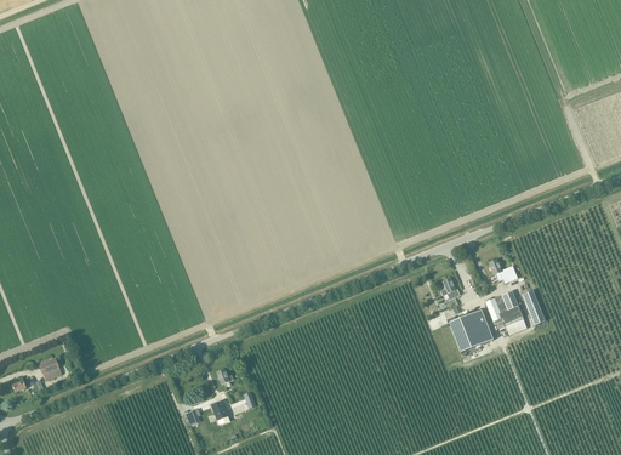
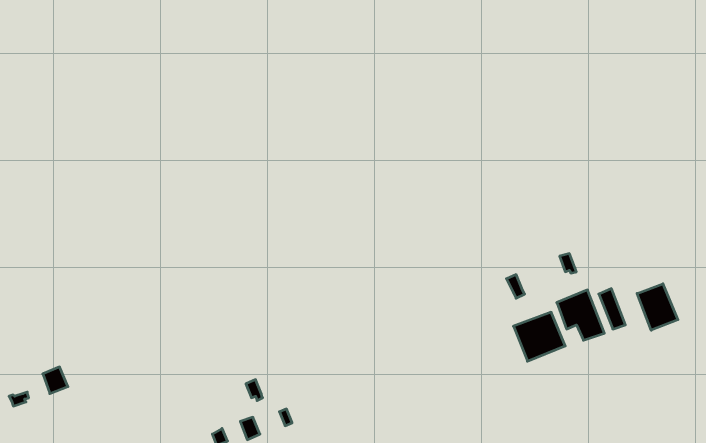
building: none -> [637,284,678,330]

